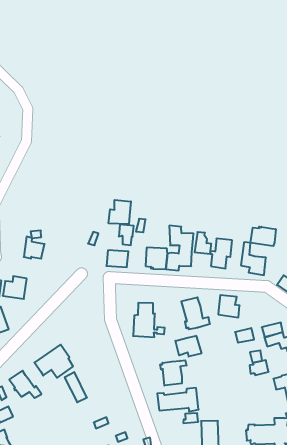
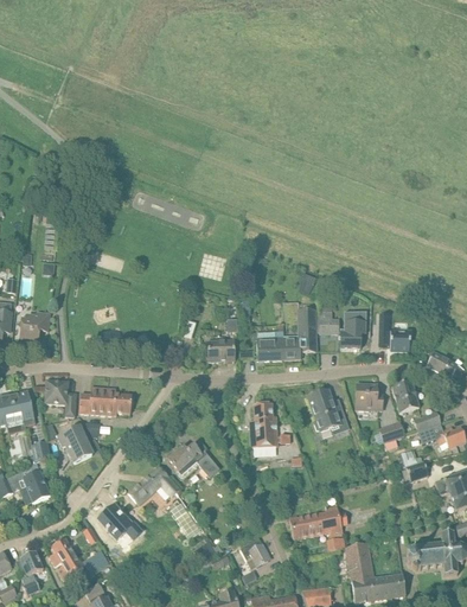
building: [109,200,131,224] -> none
building: [251,227,276,246] -> none
building: [24,237,45,259] -> [107,386,132,414]
building: none -> [391,381,418,411]
building: none -> [167,443,218,475]
building: [175,336,201,357] -> none
building: [160,360,186,386] -> none
building: none -> [239,537,270,568]

